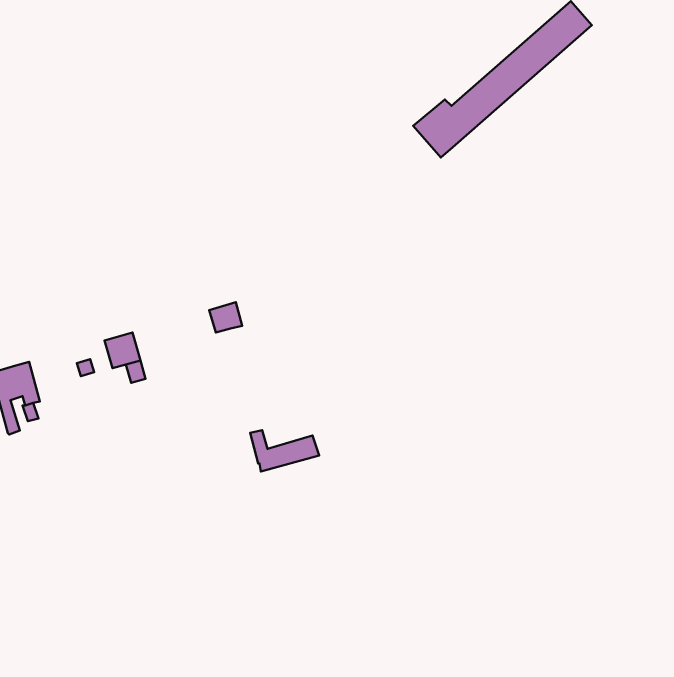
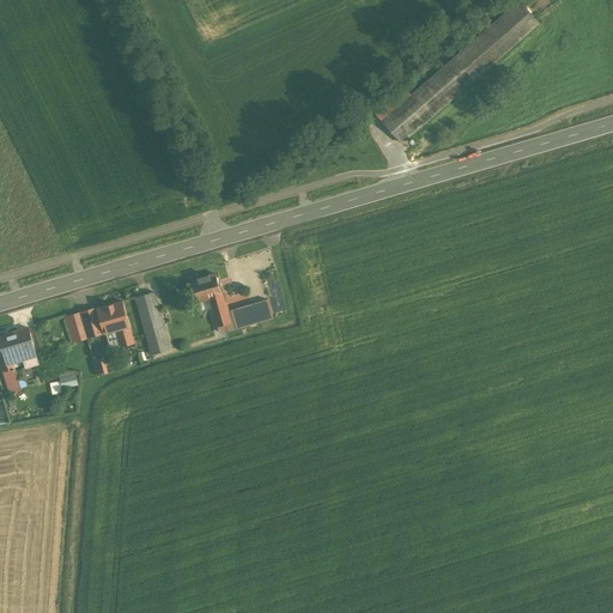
building: none -> [133,291,168,354]
building: [250,430,319,471] -> [208,295,271,332]

